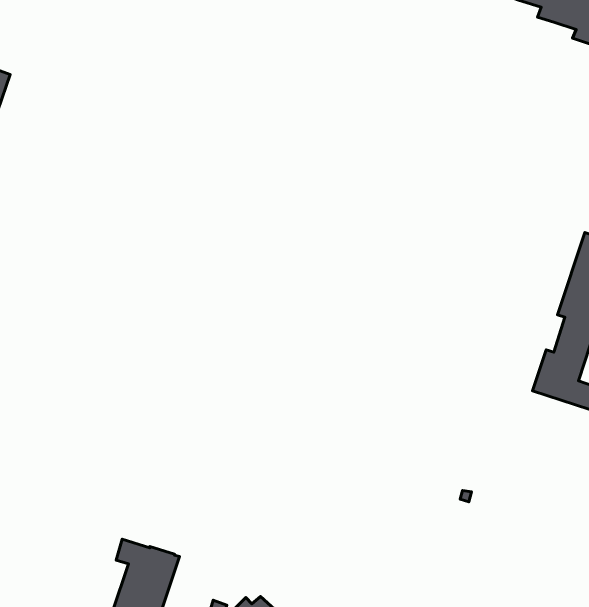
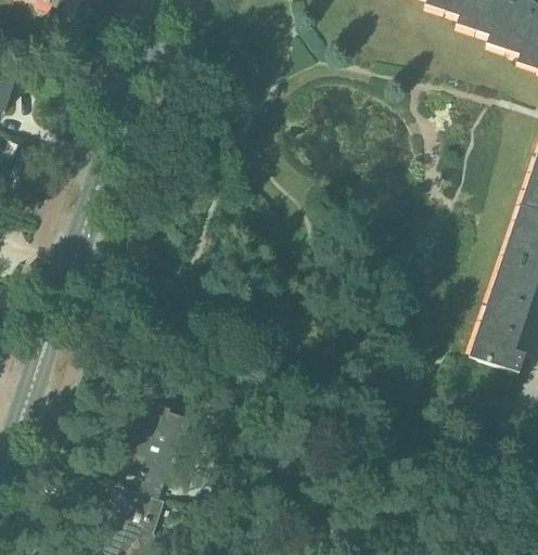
building: none -> [121,408,192,498]

